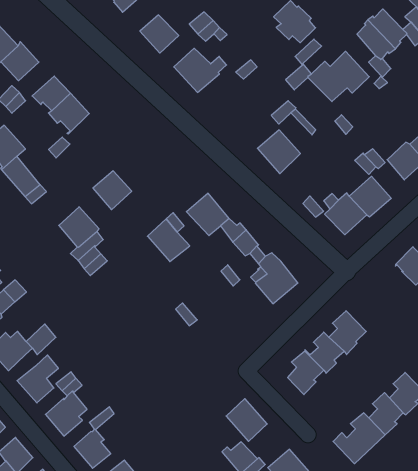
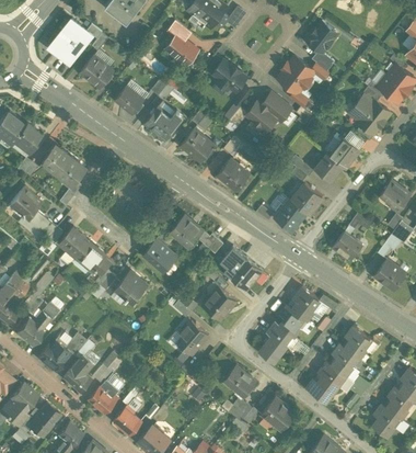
building: none -> [180,129,216,162]
building: [93,171,132,210] -> [59,227,89,257]
building: none -> [115,271,147,303]
building: none -> [203,287,236,321]
building: none -> [177,321,208,355]

